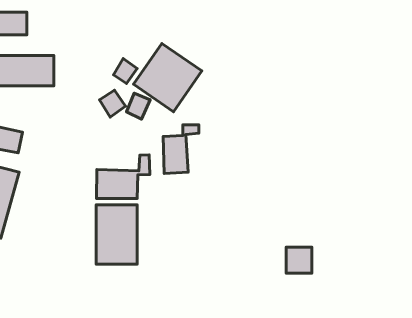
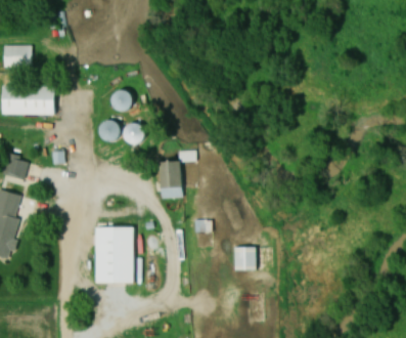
building: [133,43,202,112] -> none
building: [97,155,150,198] -> none
building: [286,247,312,273] -> [232,247,257,271]

